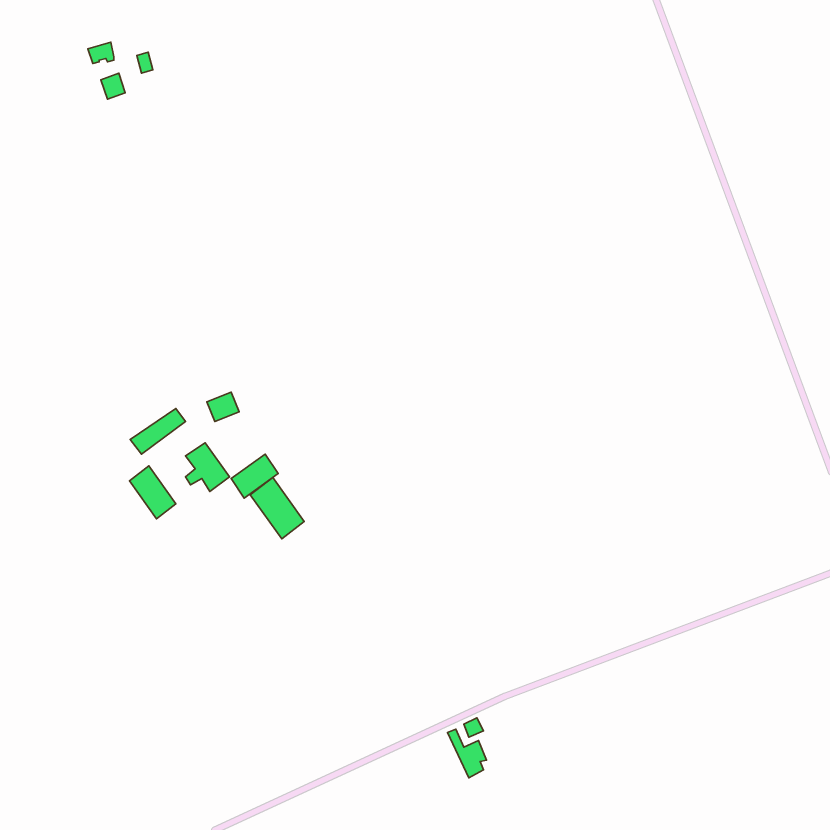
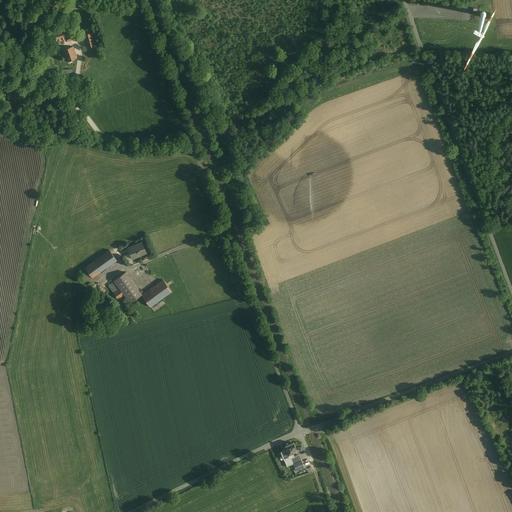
building: [129,466,176,519] -> none
building: [250,477,304,539] -> none

